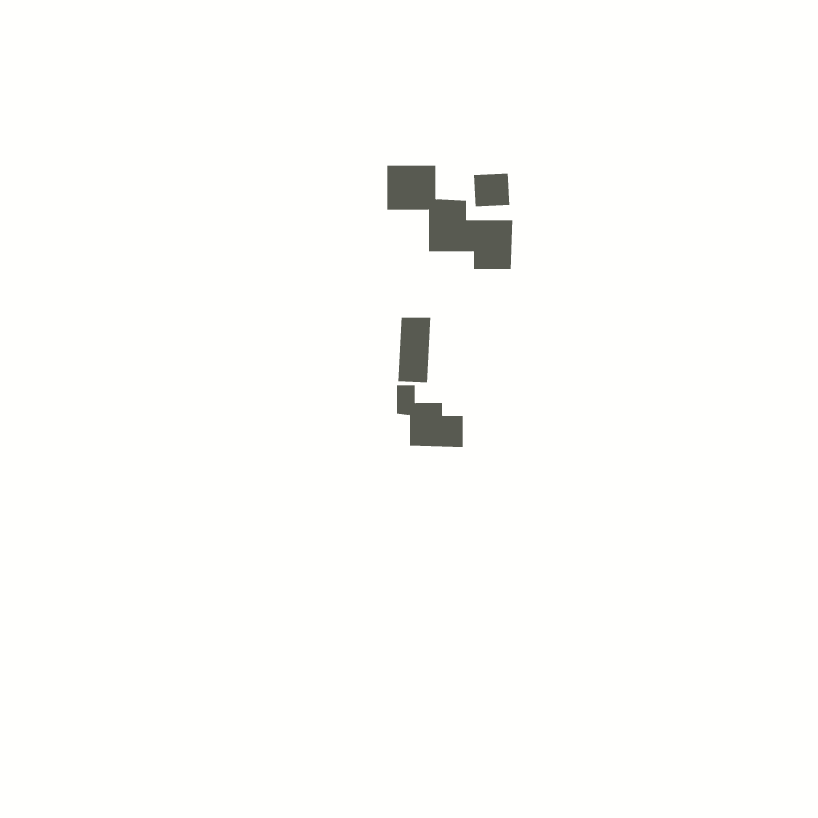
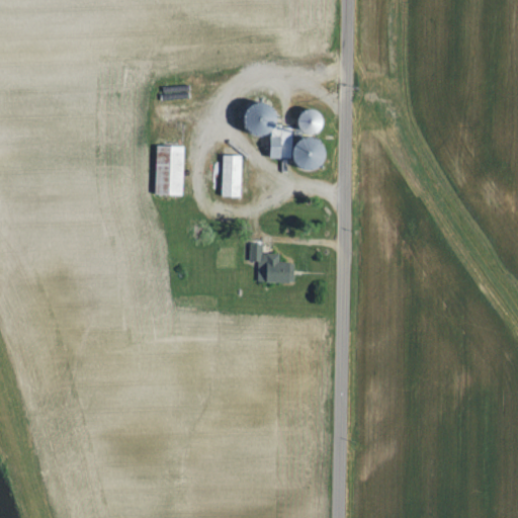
building: none -> [155,146,183,195]
building: [397,317,431,383] -> [221,156,242,197]

